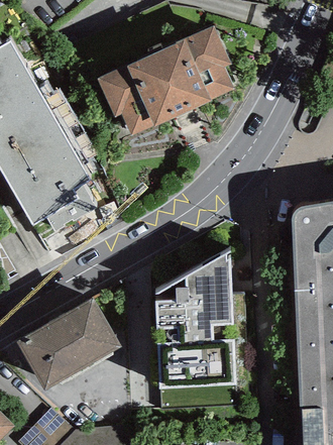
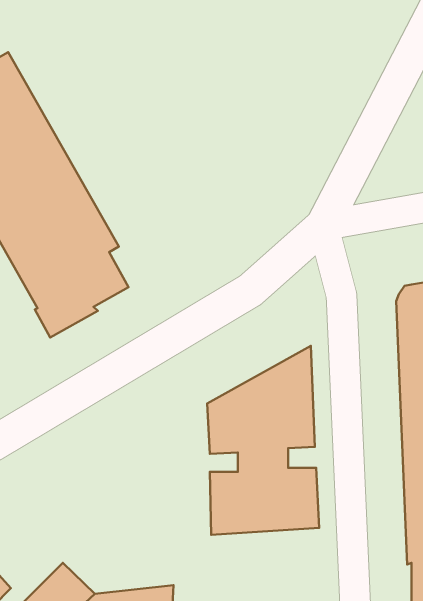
building: [96,25,233,136] -> none
building: [15,297,121,391] -> none

